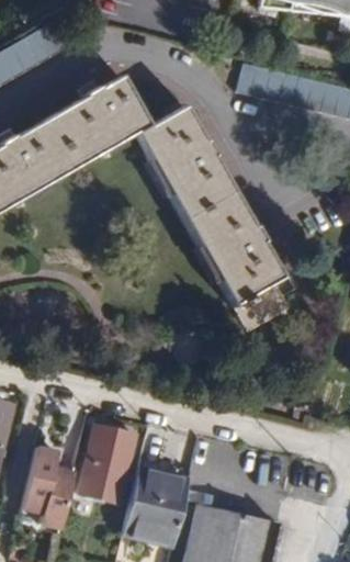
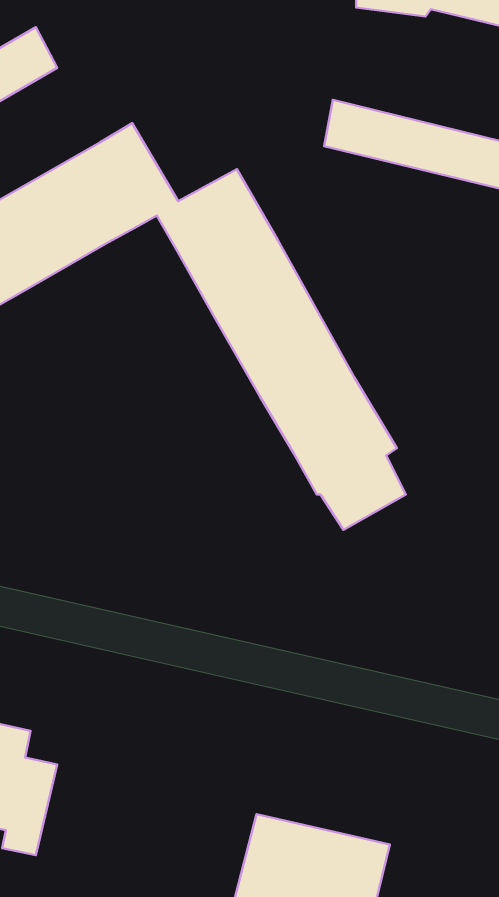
building: [76,425,134,504] -> none
building: [121,468,188,547] -> none

